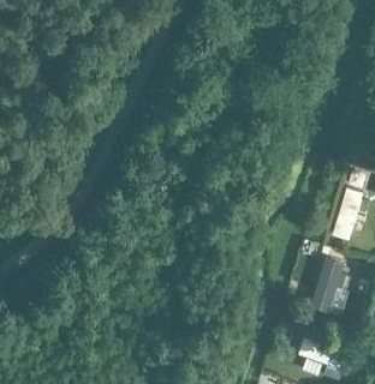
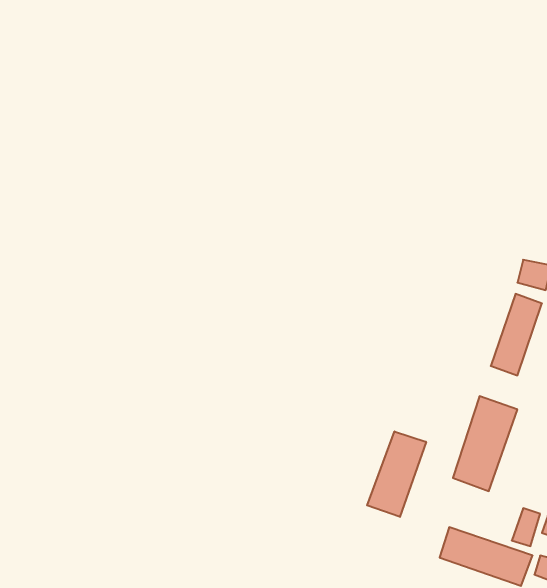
building: none -> [367,431,426,517]

